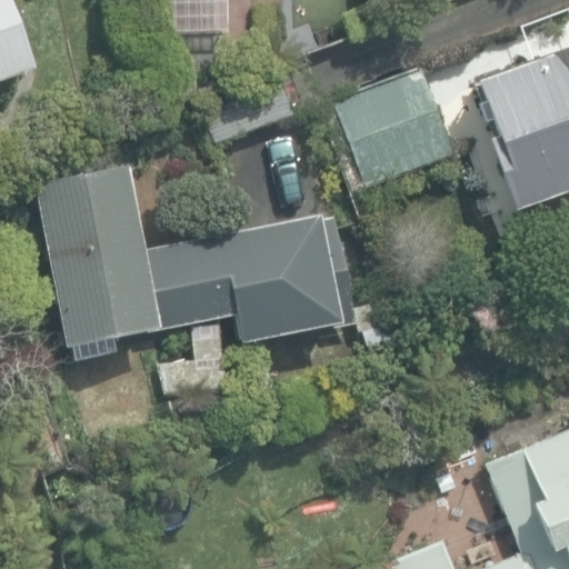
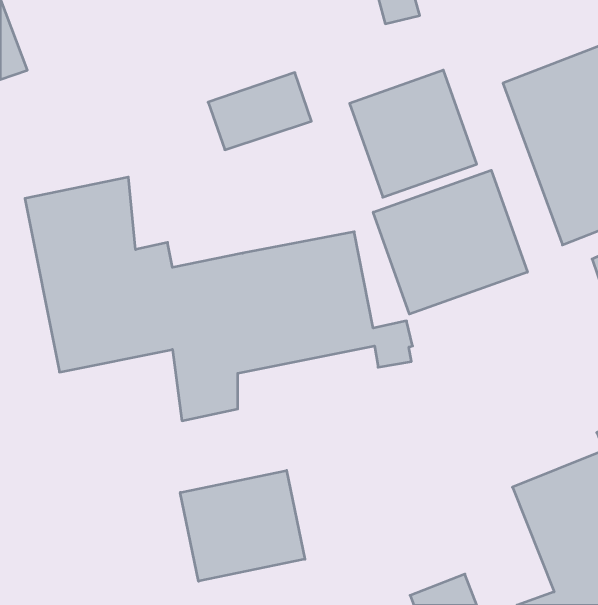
building: none -> [373,170,527,314]
building: none -> [180,470,305,581]

